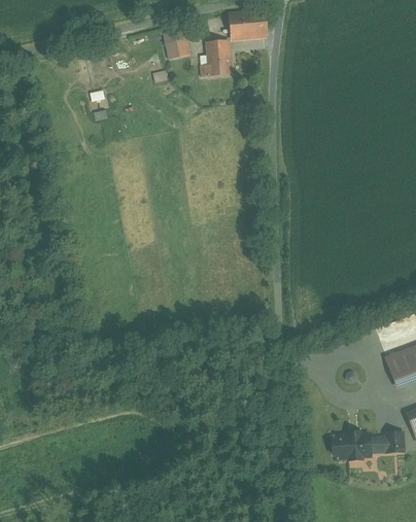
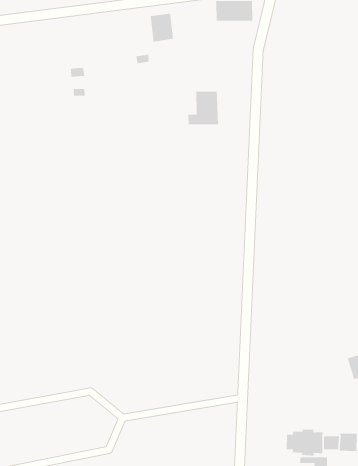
building: [200,41,232,77] -> [188,91,219,125]

